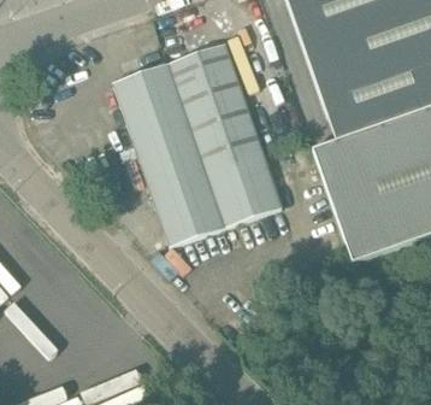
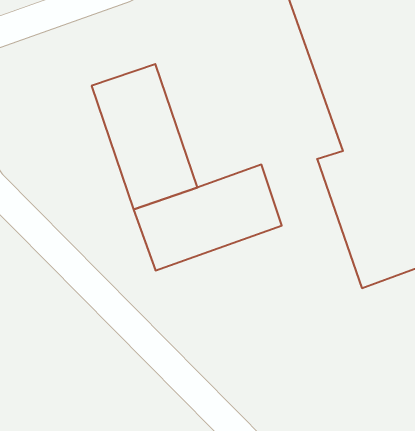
building: [169,41,262,171] -> none

